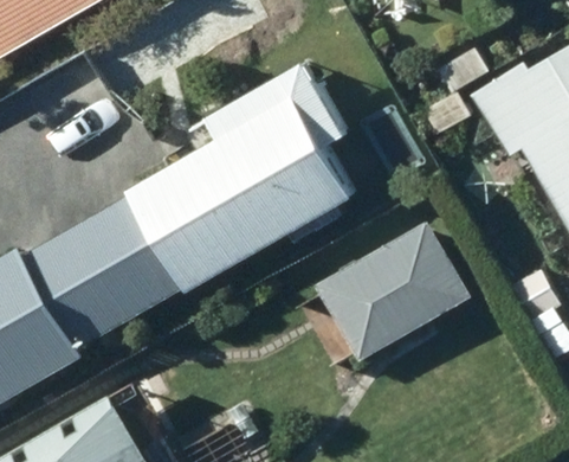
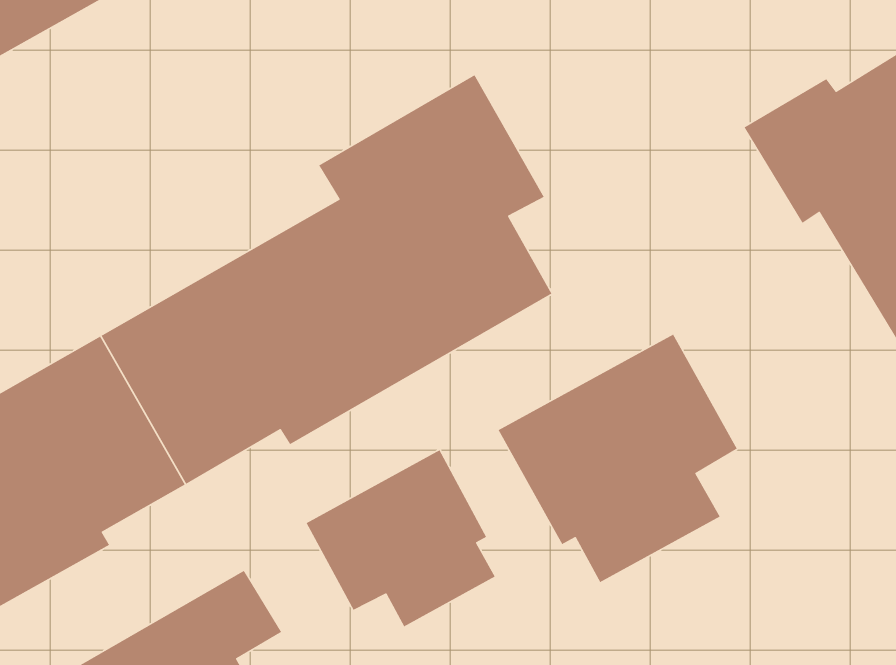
building: none -> [306,449,496,628]

